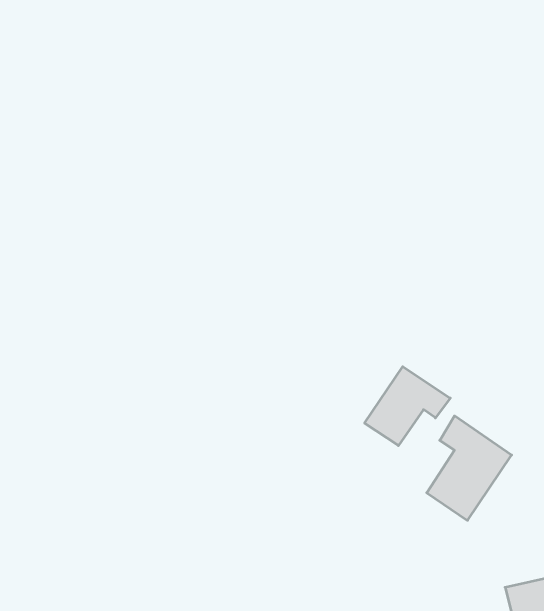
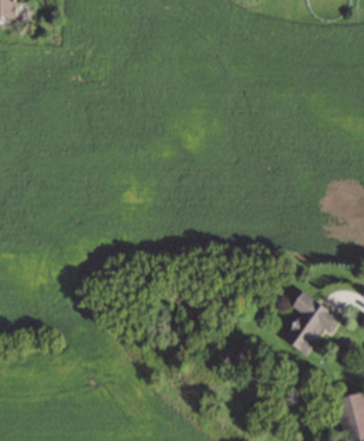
building: [365,367,450,446] -> none

